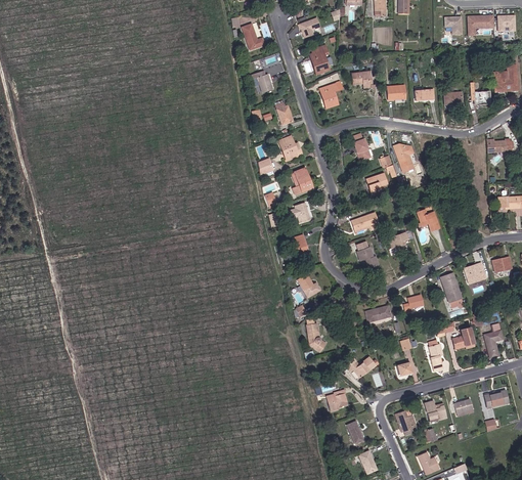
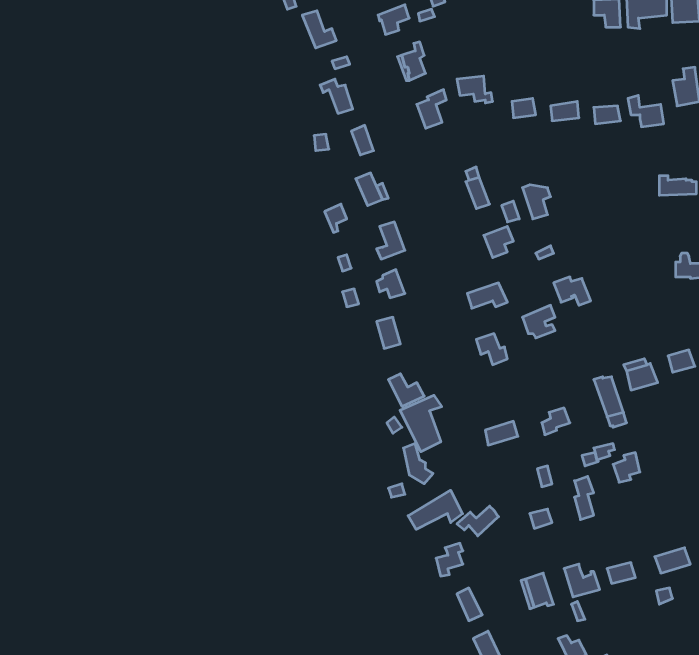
building: none -> [400,395,442,452]
building: [484,322,504,358] -> none
building: none -> [408,490,463,529]

